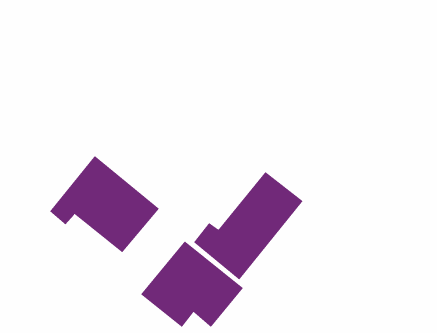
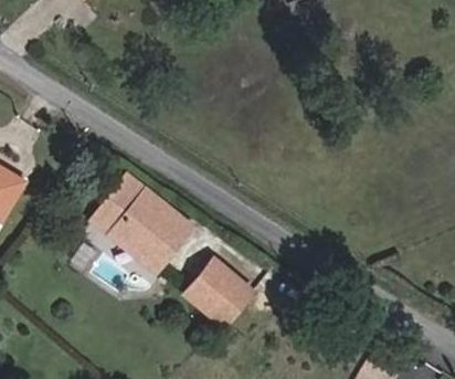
building: [193,171,303,280] -> none

